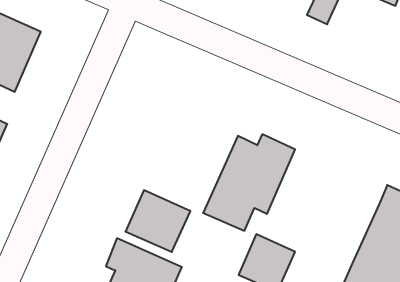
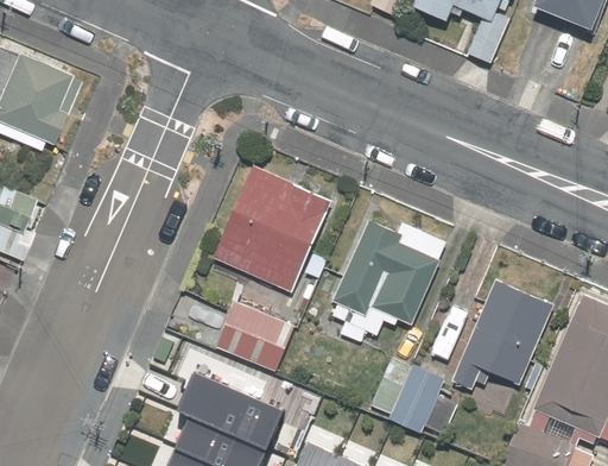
building: none -> [195,156,340,301]
building: none -> [445,282,565,401]

